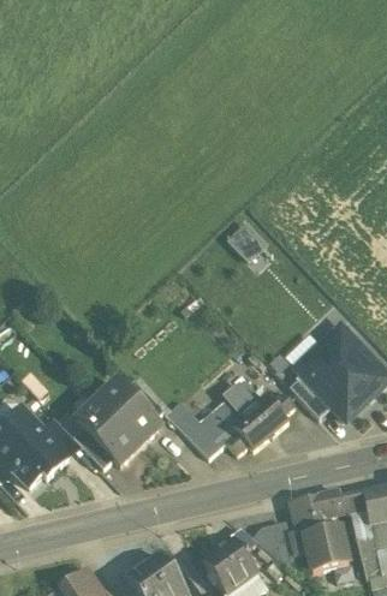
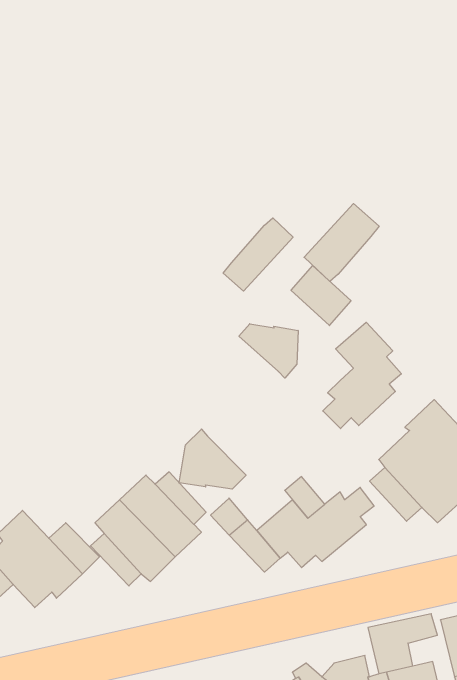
building: none -> [304,204,379,281]
building: none -> [223,218,293,291]
building: none -> [323,322,401,429]
building: none -> [239,324,298,378]
building: none -> [179,429,246,489]

